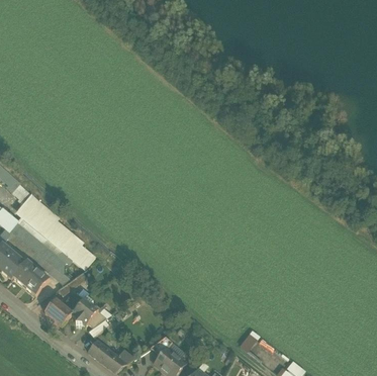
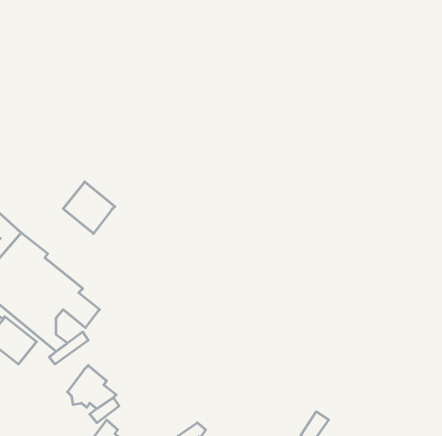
building: none -> [63,182,115,234]
building: [43,292,83,326] -> none

